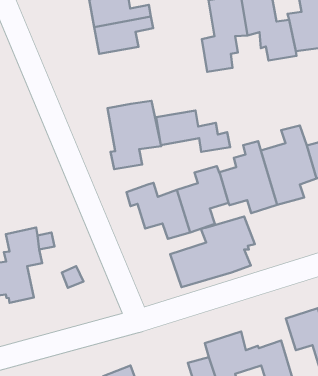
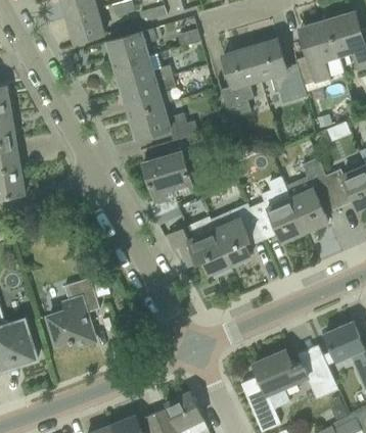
building: [156,110,230,152] -> [129,104,198,141]
building: [170,216,255,287] -> none

